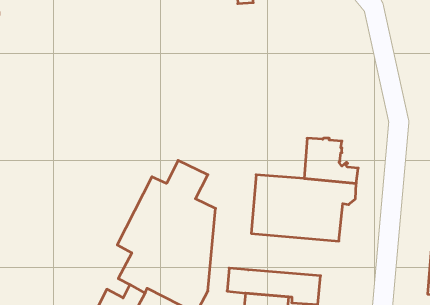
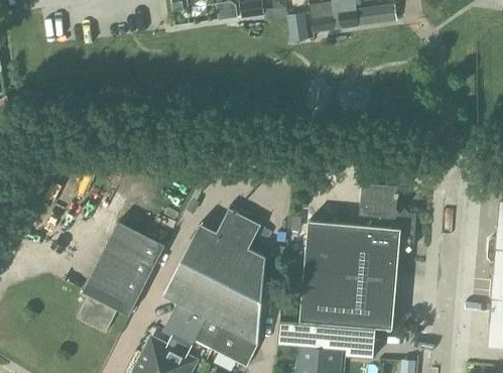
building: none -> [76,221,165,332]
building: none -> [300,282,395,328]

